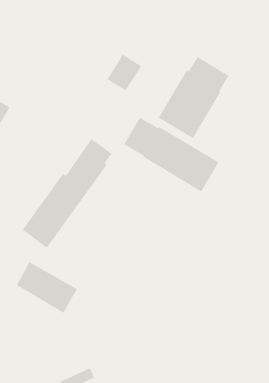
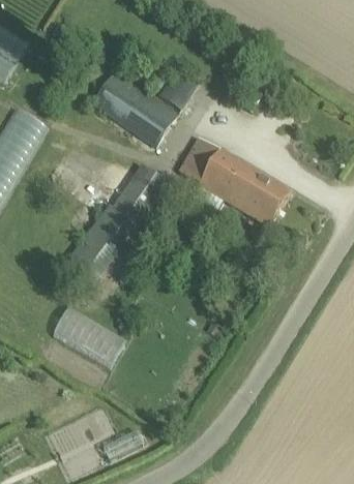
building: [158,56,230,139] -> none
building: none -> [92,70,179,148]

